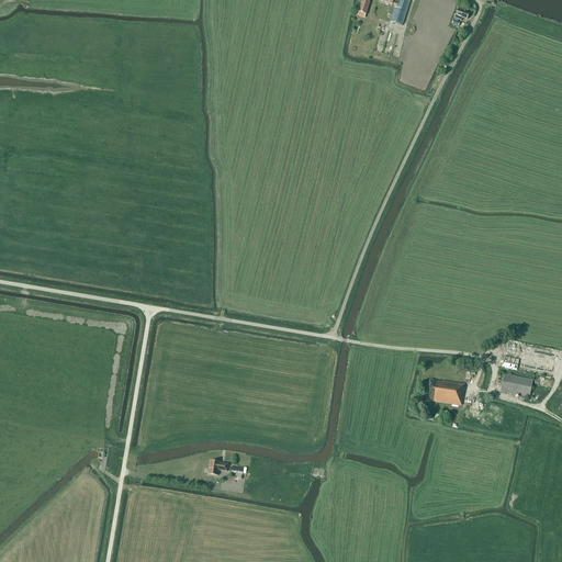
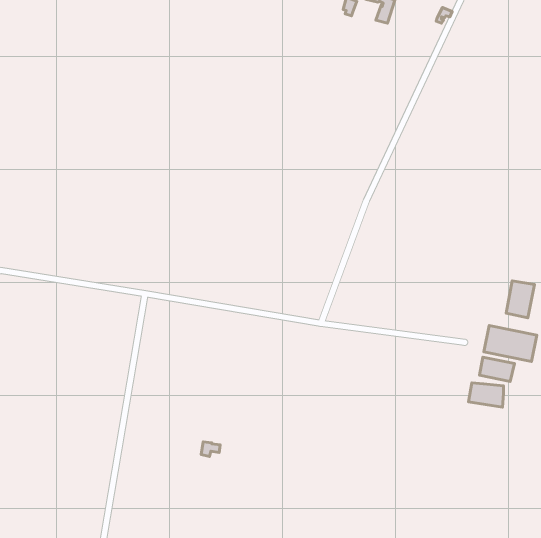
building: none -> [506,281,534,318]
building: [427,379,463,404] -> [469,383,504,407]

